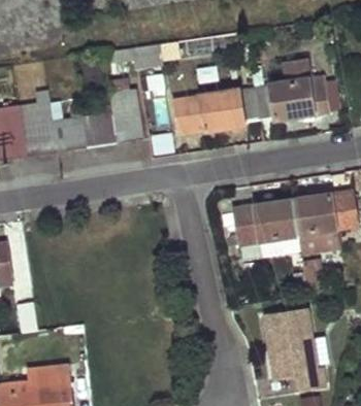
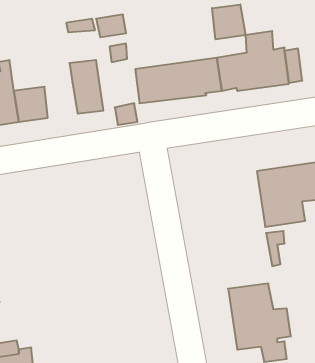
building: none -> [212,4,246,39]
building: [80,111,113,146] -> none
building: [234,200,298,260] -> none

